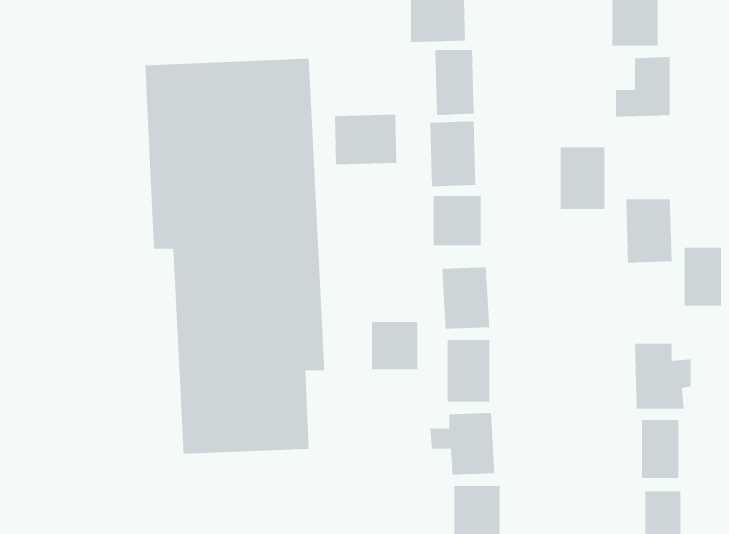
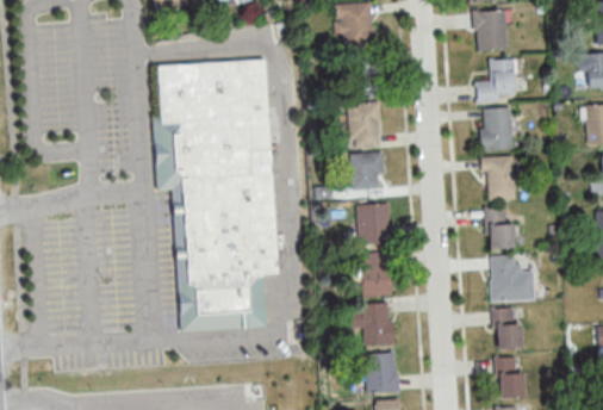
building: [335,114,397,165] -> none
building: [560,147,605,209] -> [481,107,512,150]
building: [684,247,722,306] -> [486,209,512,249]
building: [371,321,418,370] -> none

